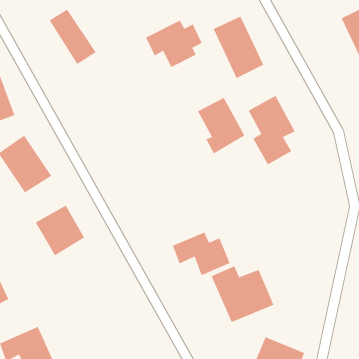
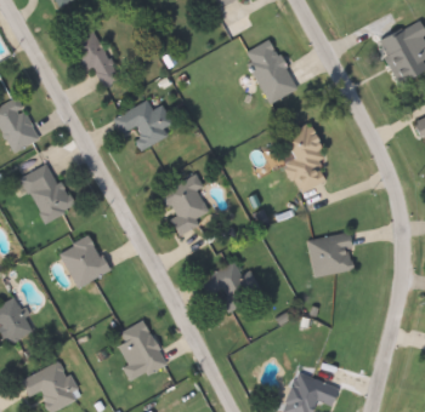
building: [145,20,202,68] -> [114,99,174,149]
building: [197,97,245,154] -> [163,174,212,234]
building: none -> [307,230,356,275]
building: [211,266,274,323] -> none
building: none -> [119,319,168,382]

